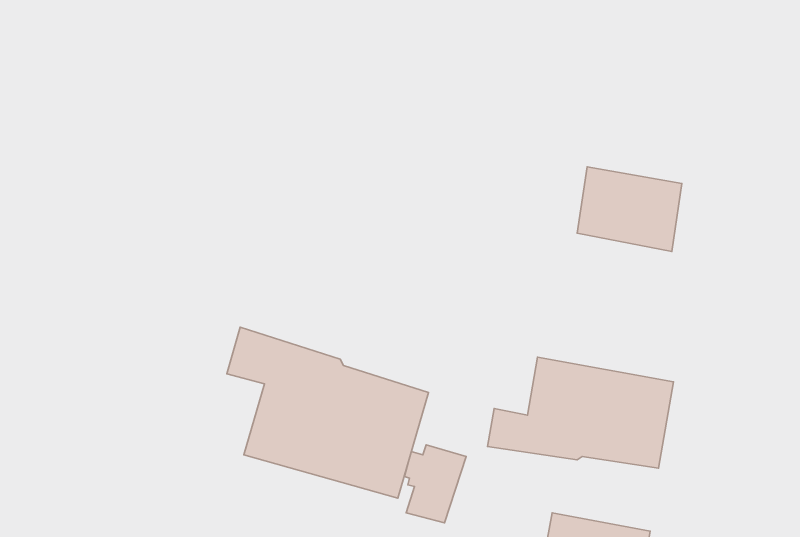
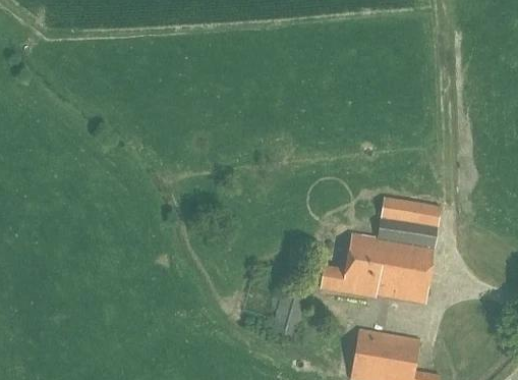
building: [577,167,682,251] -> [377,197,441,249]
building: [227,327,429,498] -> none

